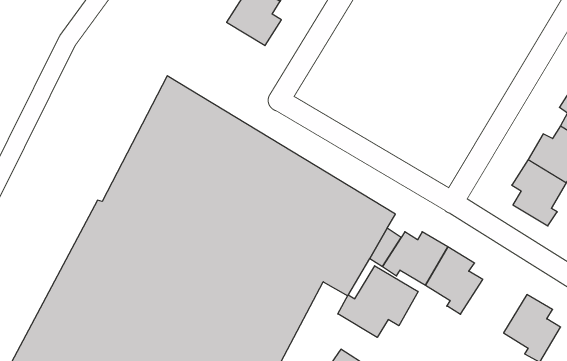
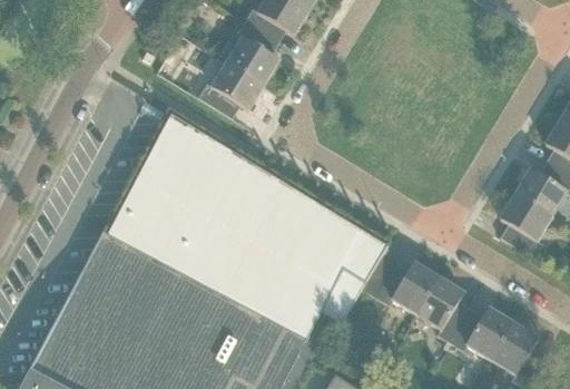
building: none -> [198,62,263,118]
building: [338,266,418,337] -> none
building: none -> [450,308,513,360]

